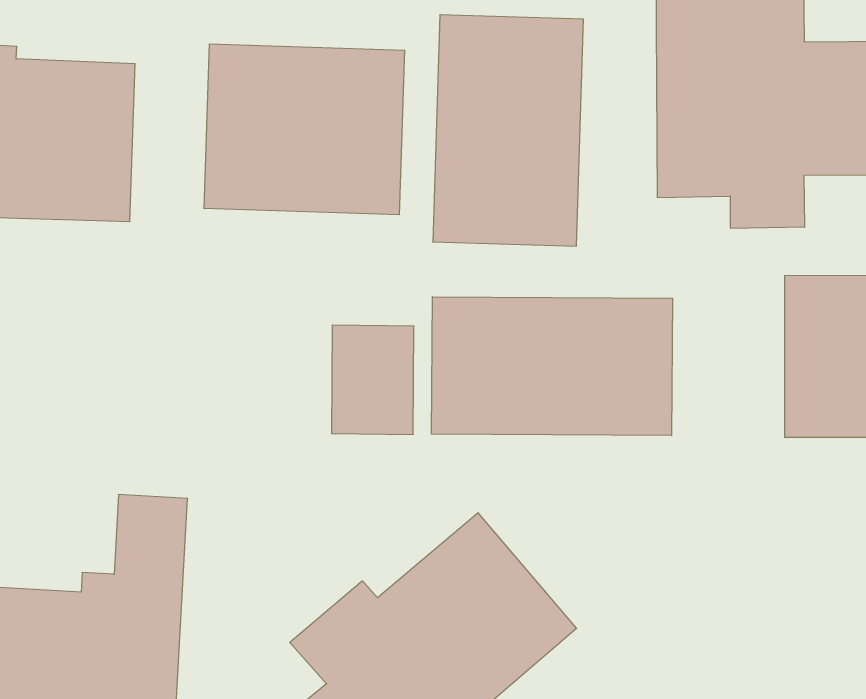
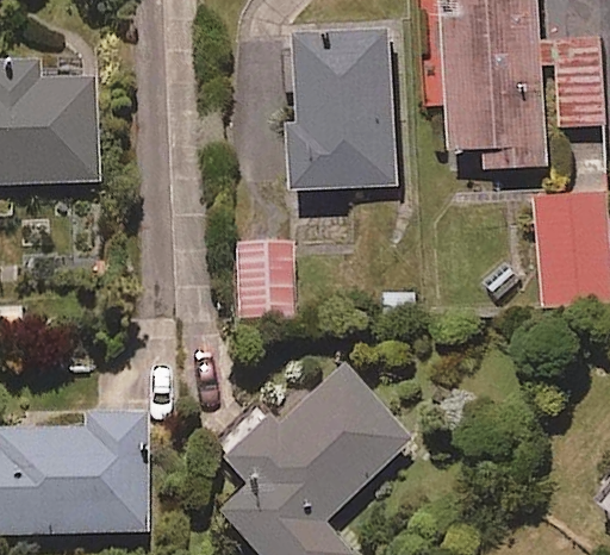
building: [204,44,404,215] -> none
building: [432,297,673,436] -> none

